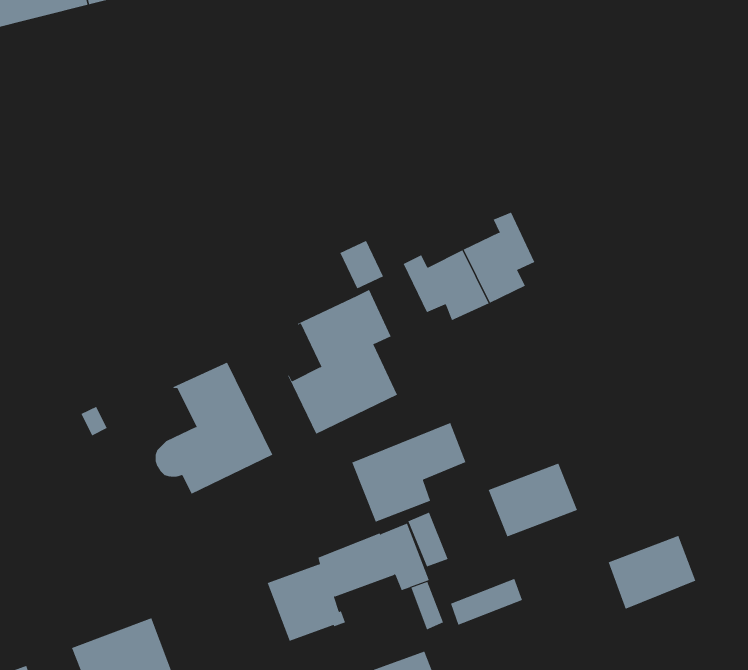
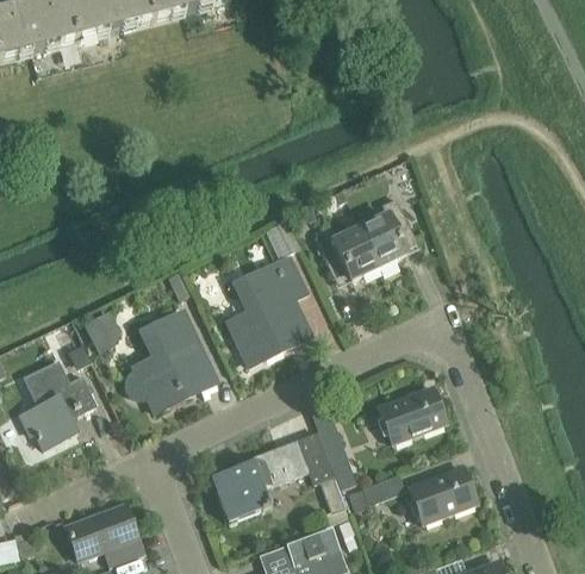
building: none -> [86,313,116,351]
building: [352,422,466,523] -> none
building: none -> [20,360,97,449]
building: [608,535,696,609] -> [409,468,475,524]

